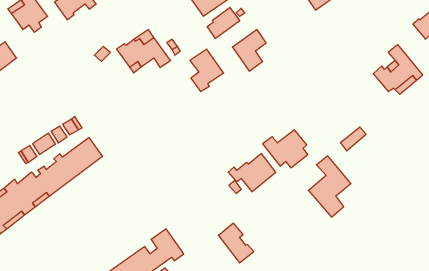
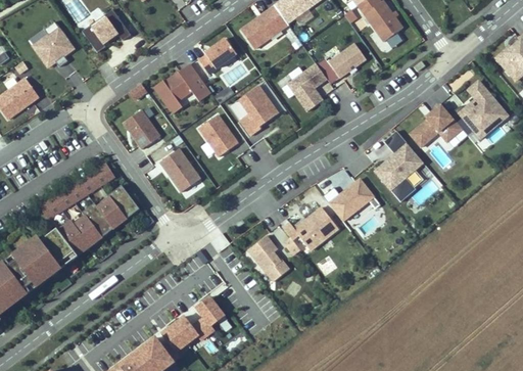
building: [207,7,240,38] -> [198,38,236,74]
building: none -> [328,43,366,78]
building: none -> [409,103,462,147]
building: none -> [123,110,159,149]
building: none -> [198,114,237,156]
building: none -> [159,148,199,192]
building: [308,156,351,217] -> [374,131,423,201]
building: [218,223,254,263] -> [248,235,289,281]

